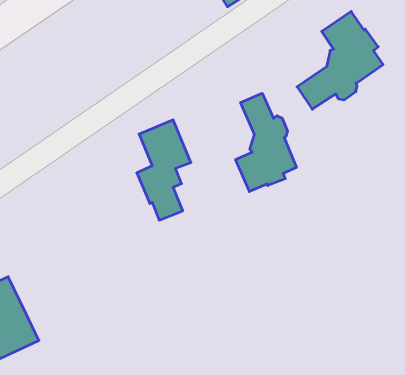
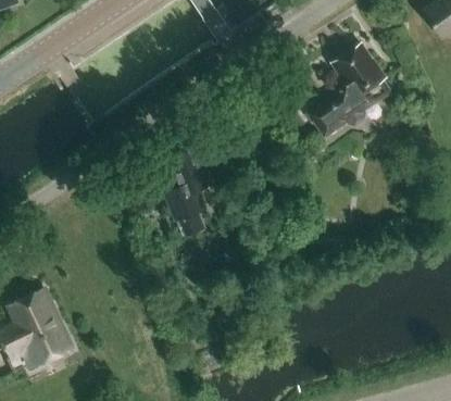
building: [236,93,296,192] -> none

